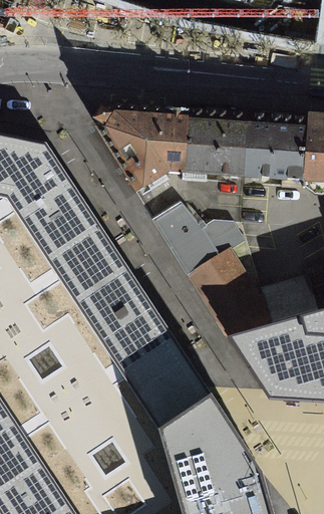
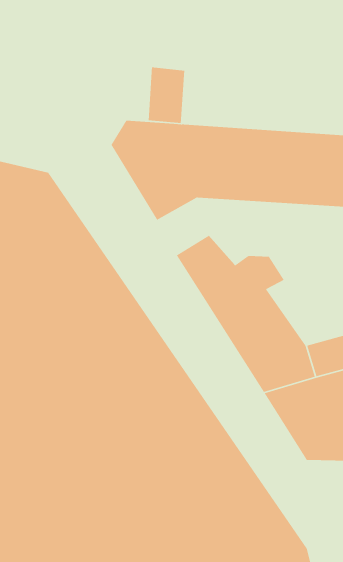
building: none -> [148,66,185,124]

